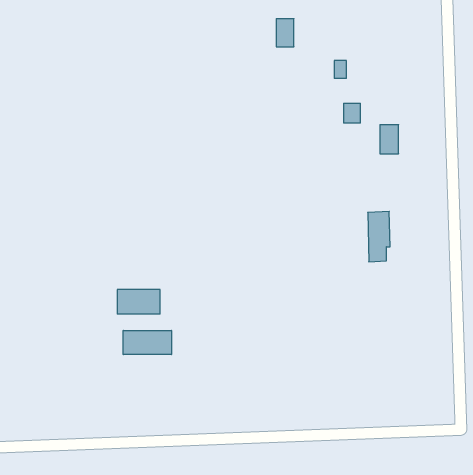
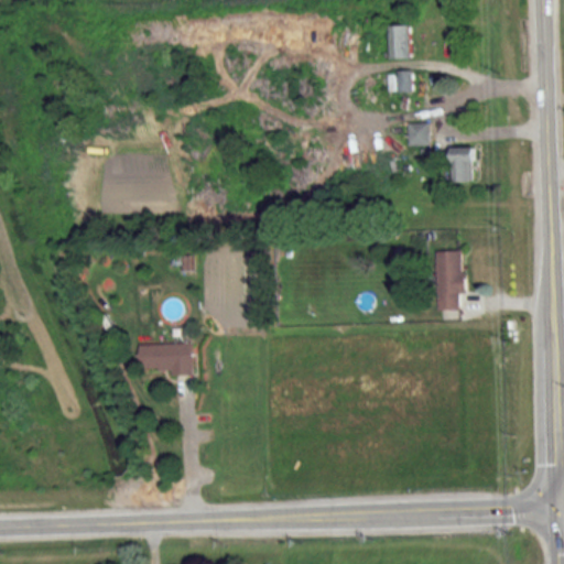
building: [276,19,294,47] -> [387,25,408,58]
building: [123,330,171,355] -> none

